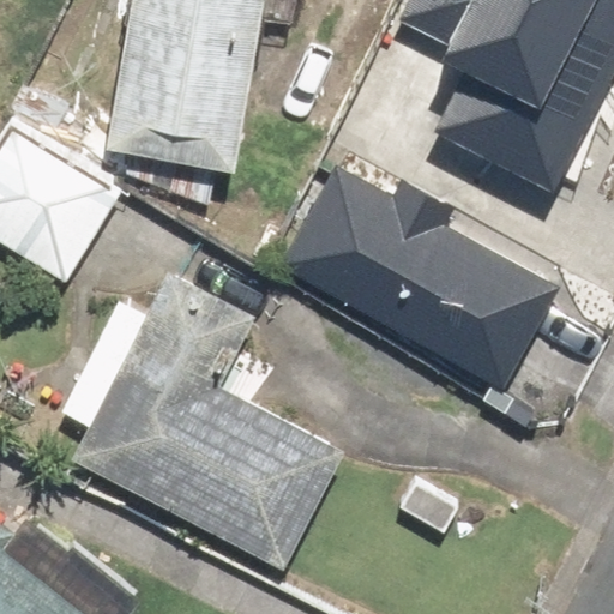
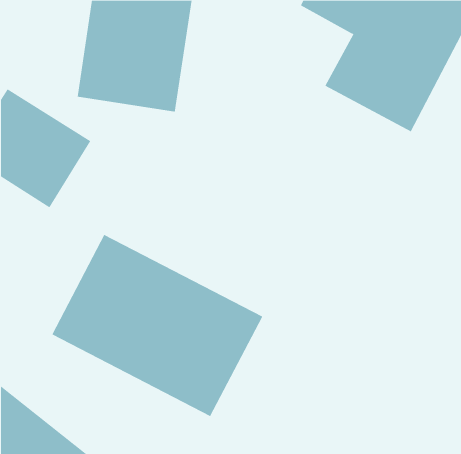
building: [285,168,558,389] -> none

